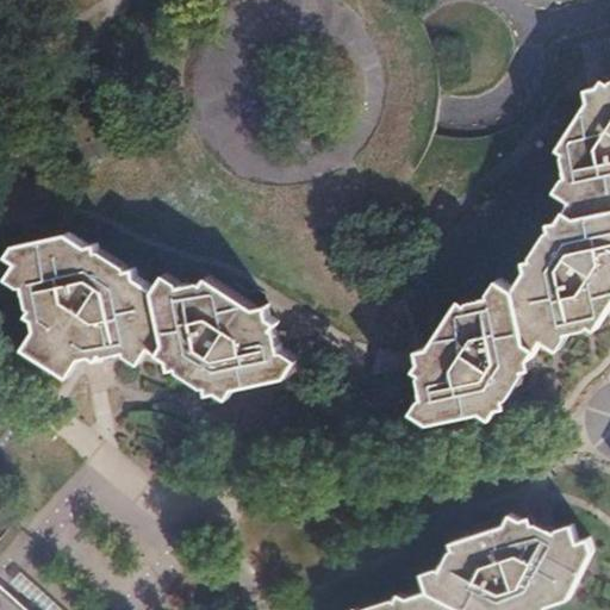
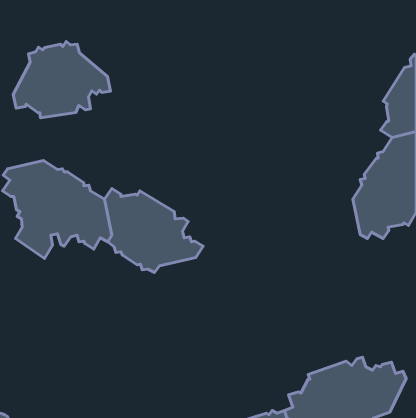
building: none -> [13,41,110,118]
building: [410,281,533,423] -> none

